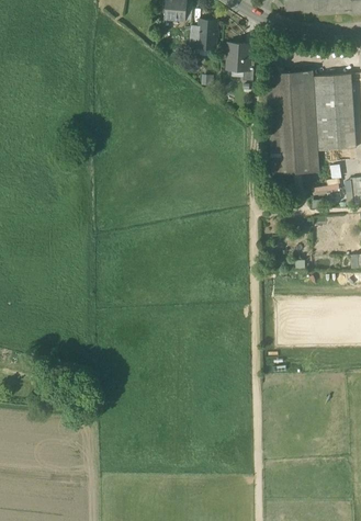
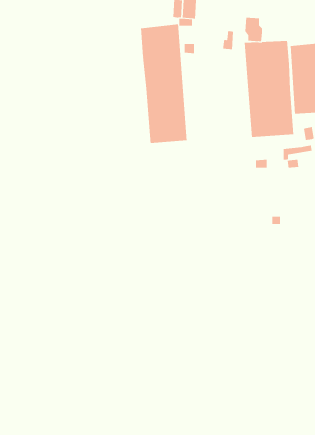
building: [228,44,248,70] -> [244,17,263,42]
building: none -> [141,23,187,144]

